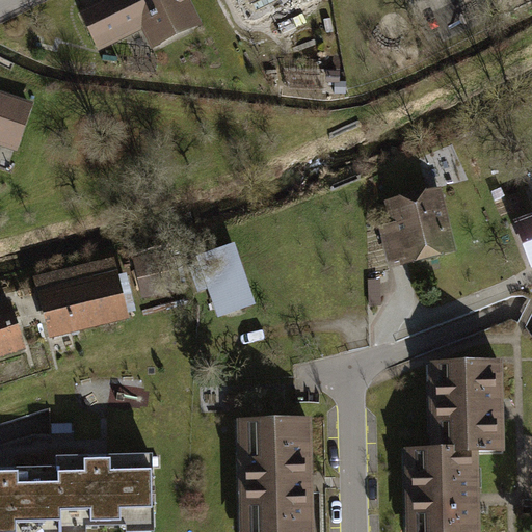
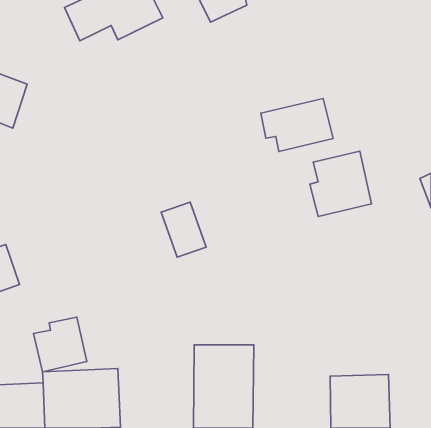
building: none -> [261,99,333,151]
building: [34,256,130,337] -> none
building: [429,362,505,459] -> none
building: none -> [34,317,87,372]

